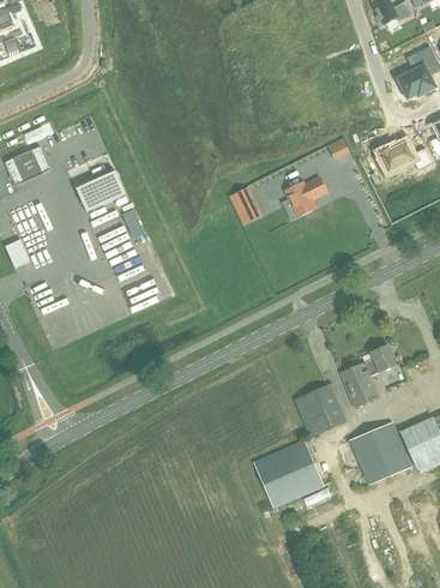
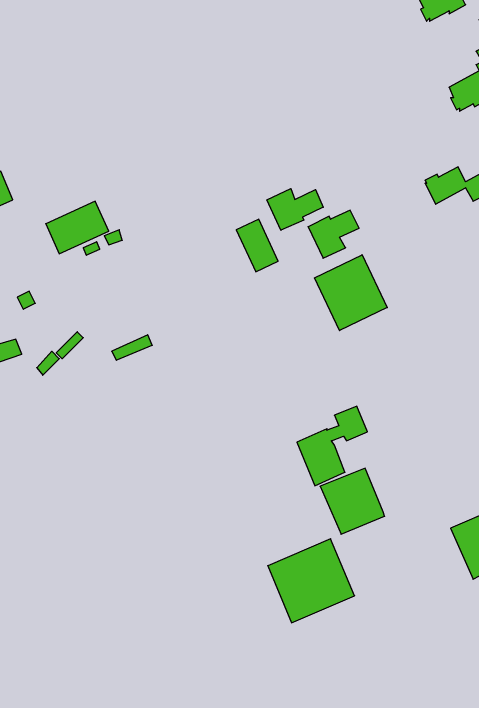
building: none -> [267,189,323,230]
building: none -> [315,255,387,331]
building: [339,343,396,407] -> [297,406,367,486]
building: [349,421,410,484] -> none

